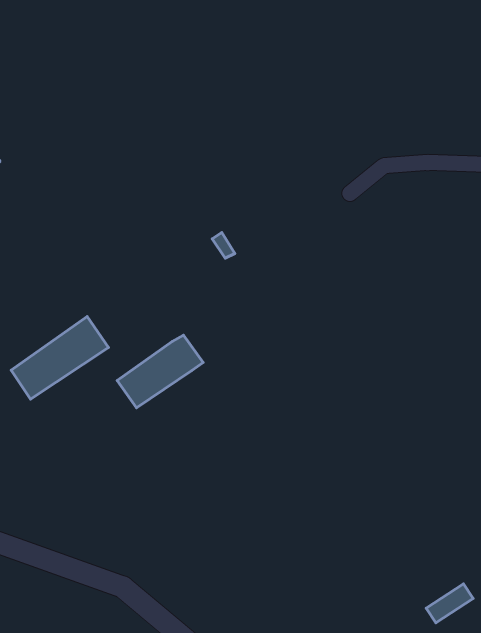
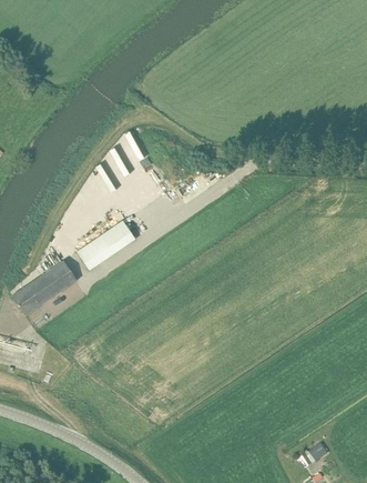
building: [117,335,203,408] -> [77,222,135,272]

